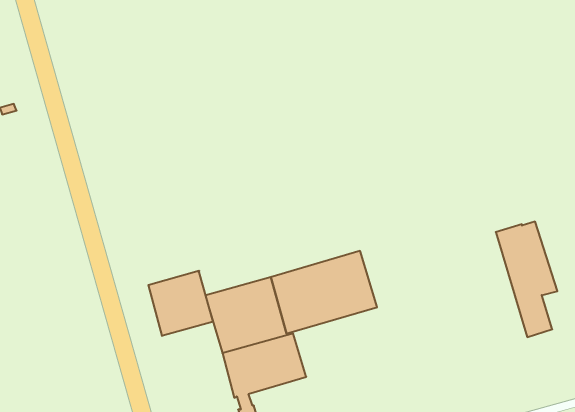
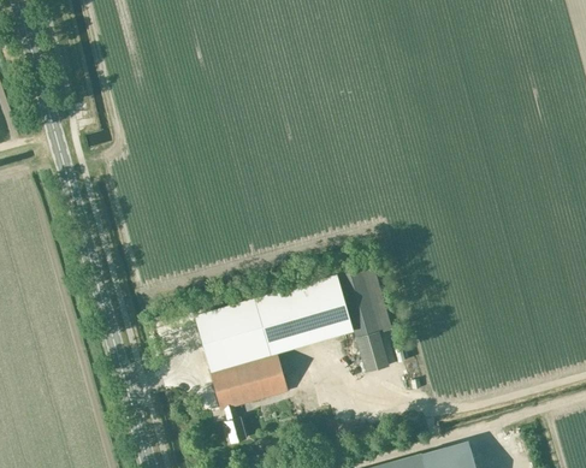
building: [496,222,557,337] -> [337,266,393,372]
building: [148,271,213,336] -> none

